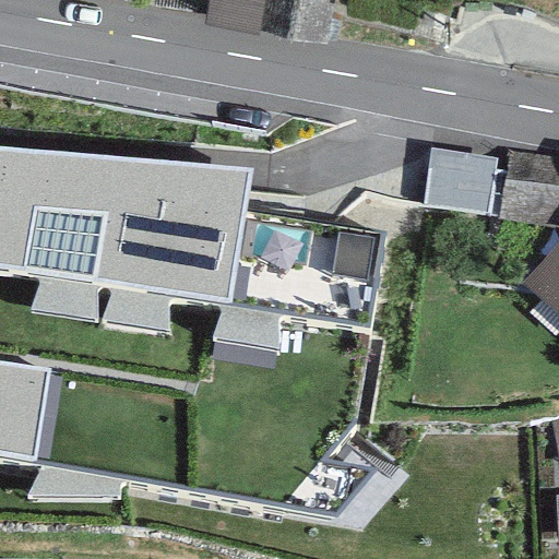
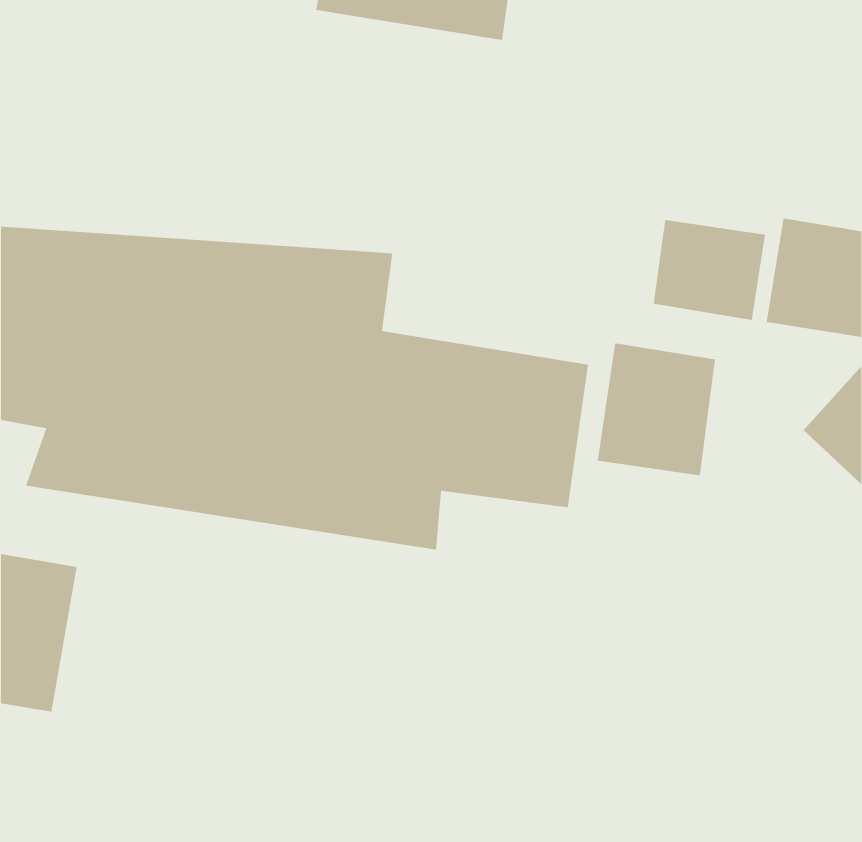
building: none -> [597,343,716,476]

